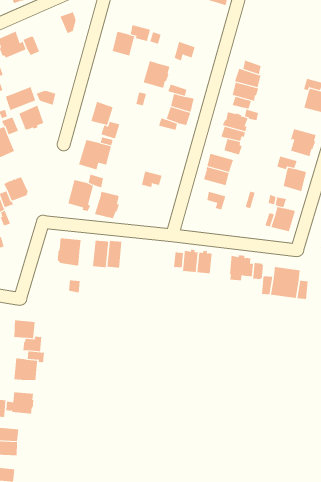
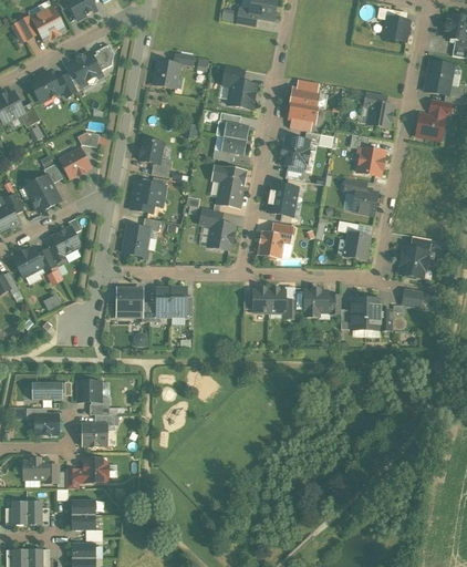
building: none -> [71,53,105,84]
building: [143,60,170,89] -> [228,80,256,109]
building: [5,86,36,111] -> none
building: none -> [212,166,246,208]
building: [94,191,120,219] -> [208,221,235,250]
building: none -> [259,233,283,258]

